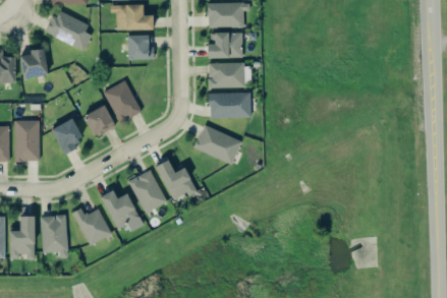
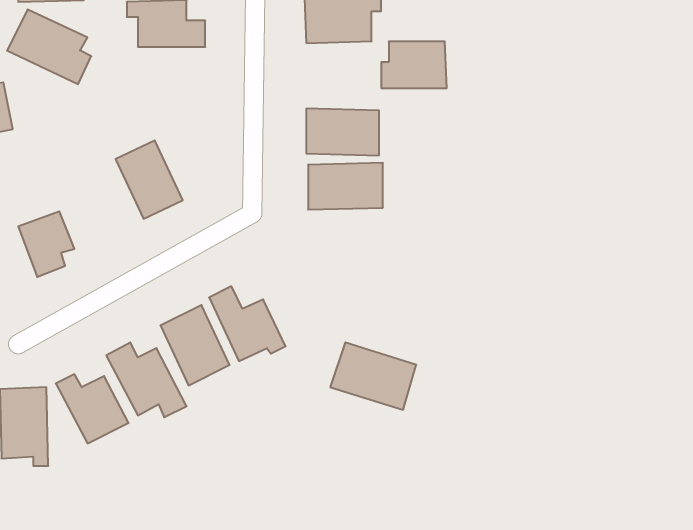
building: [208,33,243,58] -> [381,41,447,88]
building: [128,35,154,59] -> none
building: [83,105,116,137] -> none
building: [194,126,241,163] -> [330,342,416,410]

